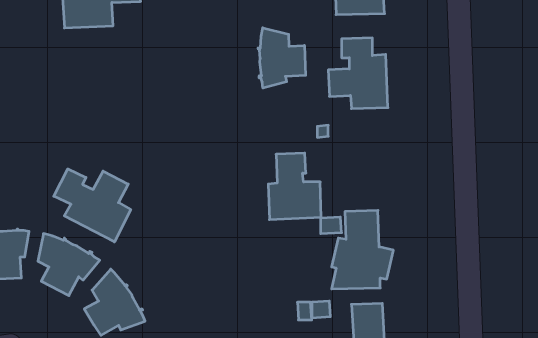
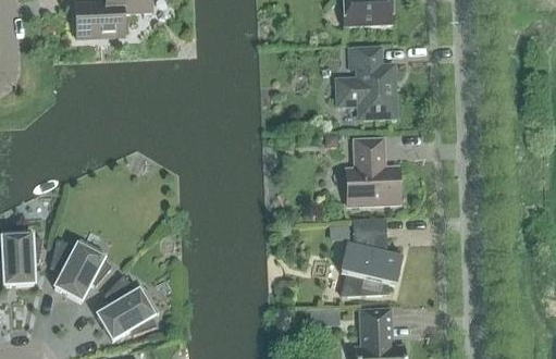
building: [258,28,306,88] -> none
building: [268,153,321,220] -> [347,139,399,205]
building: [54,169,131,242] -> none

